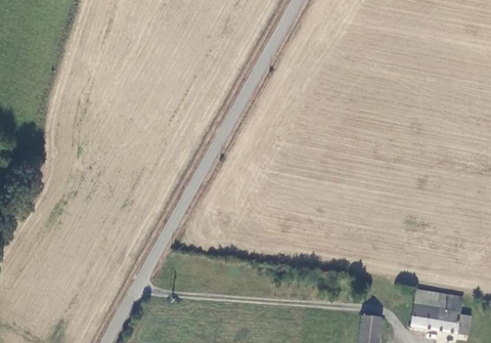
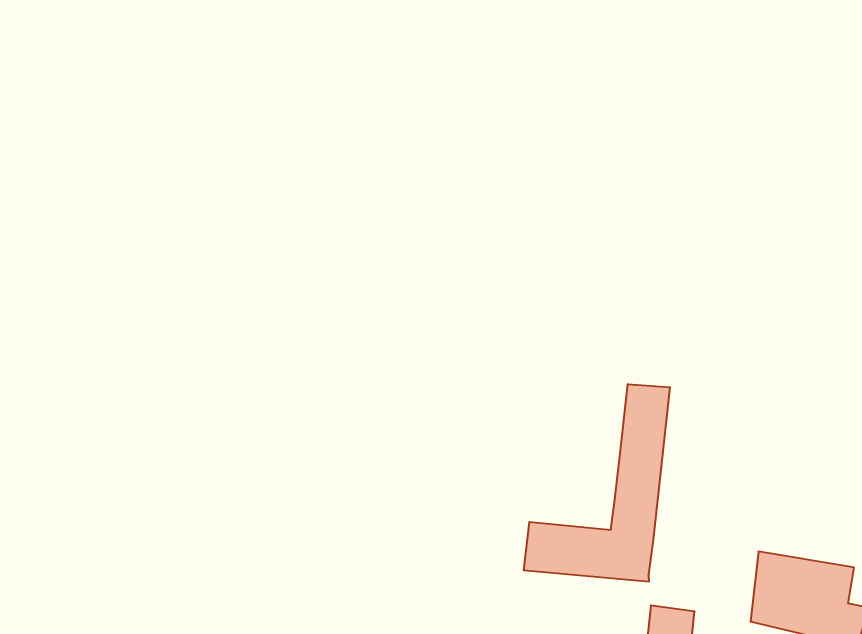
building: none -> [524,384,670,582]

